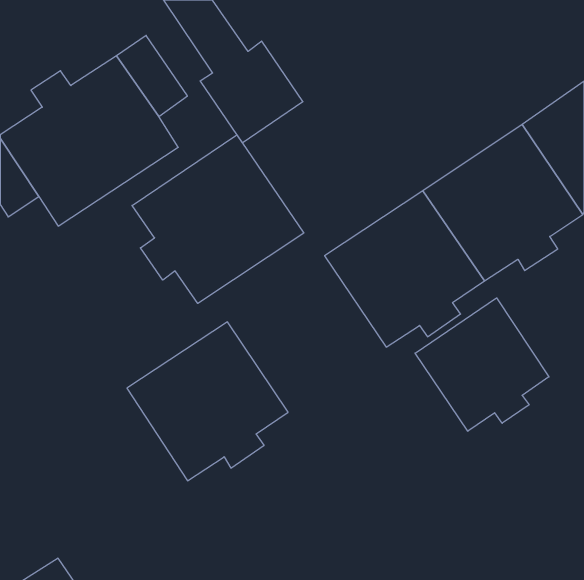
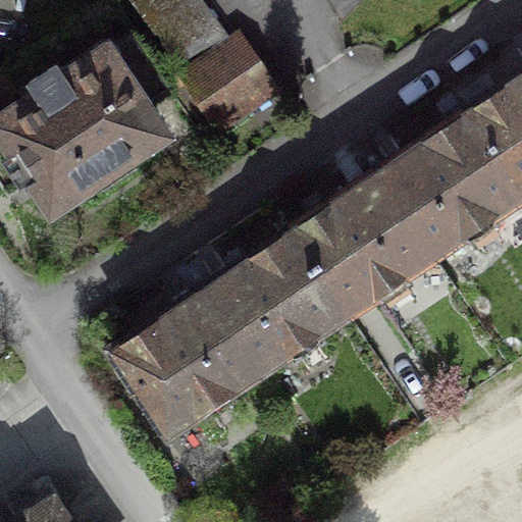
building: [132,135,304,303] -> none
building: none -> [203,231,345,371]
building: [415,298,549,431] -> none

